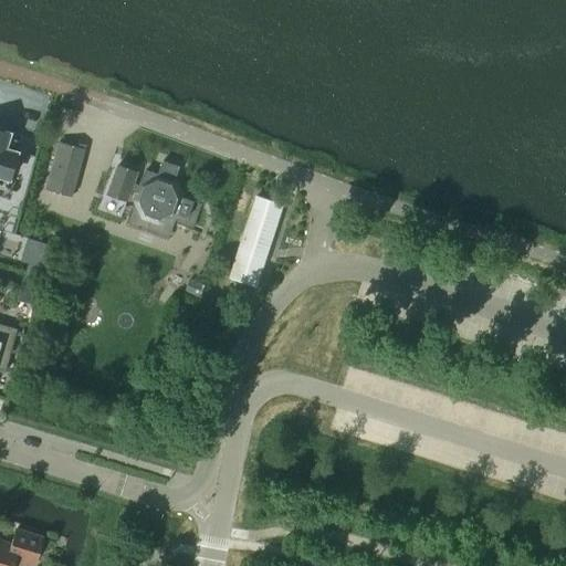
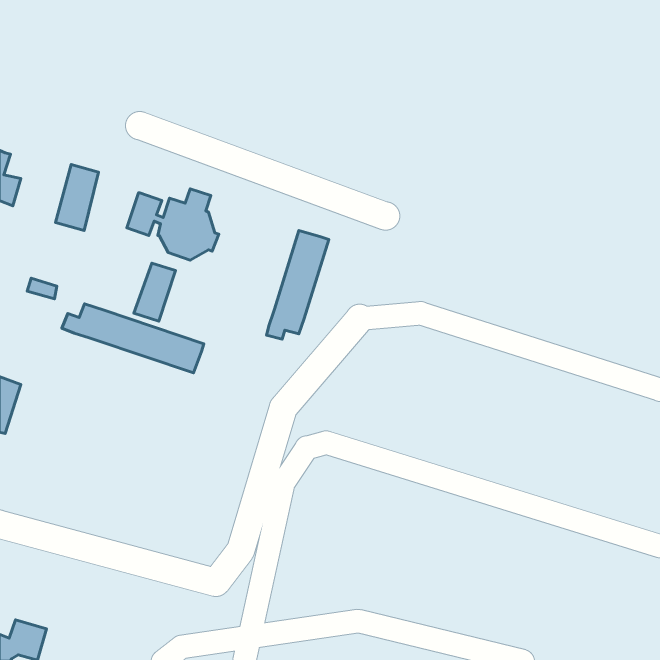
building: none -> [134,263,176,321]
building: none -> [62,304,204,373]

